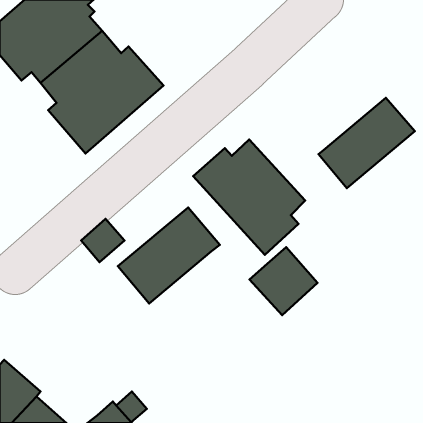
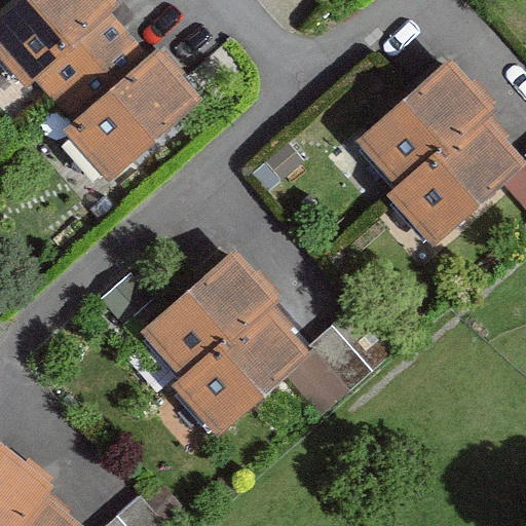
building: none -> [362,66,488,186]
building: [193,140,305,255] -> none
building: none -> [179,311,298,423]

